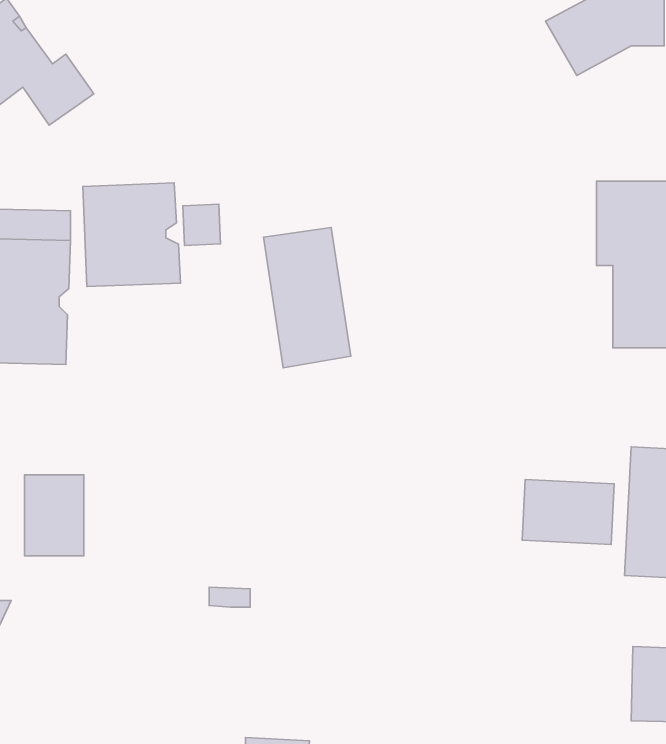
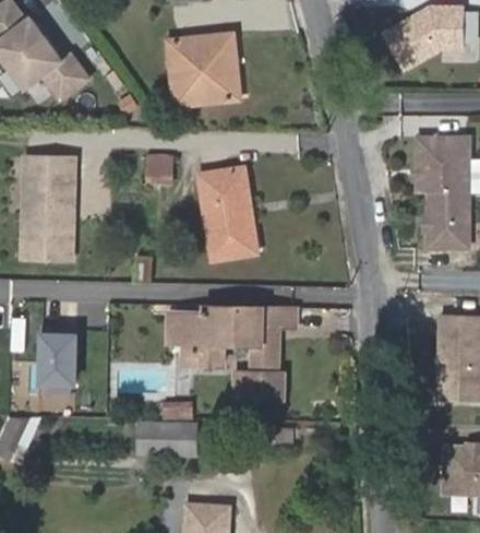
building: none -> [167,33,238,106]
building: [83,183,181,287] -> none
building: none -> [170,307,296,399]
building: [522,480,614,544] -> none
building: none -> [139,423,194,453]

